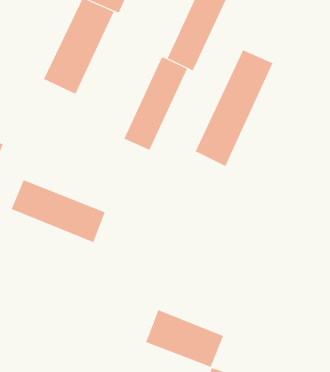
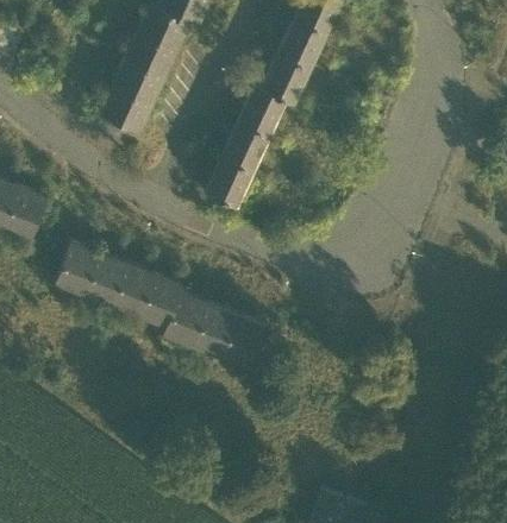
building: [195,50,273,167] -> none
building: [145,310,224,367] -> [161,292,264,368]

